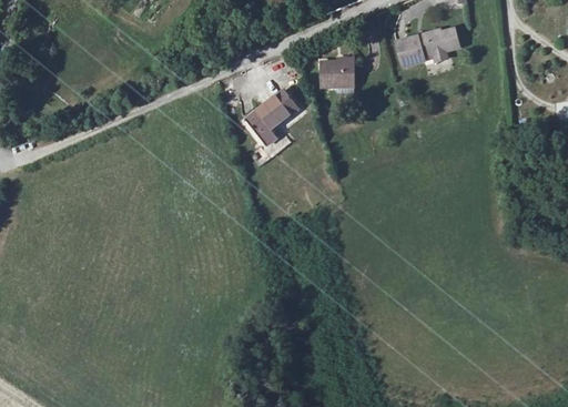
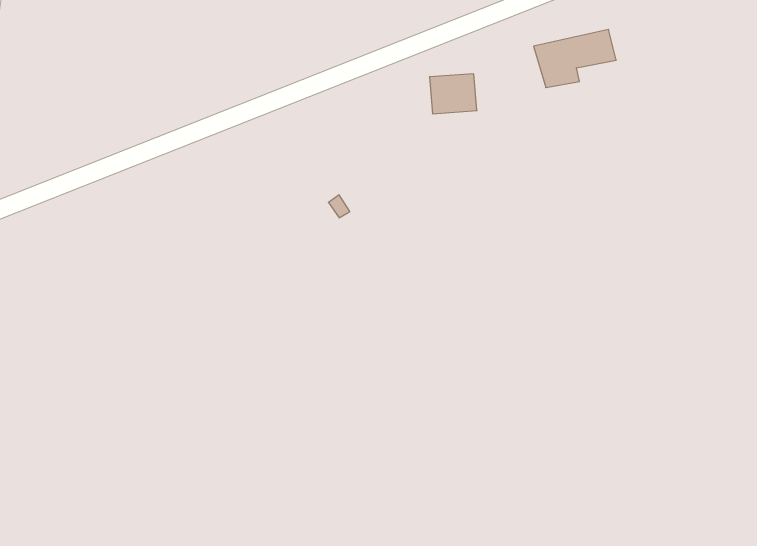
building: [246,90,298,149] -> none

